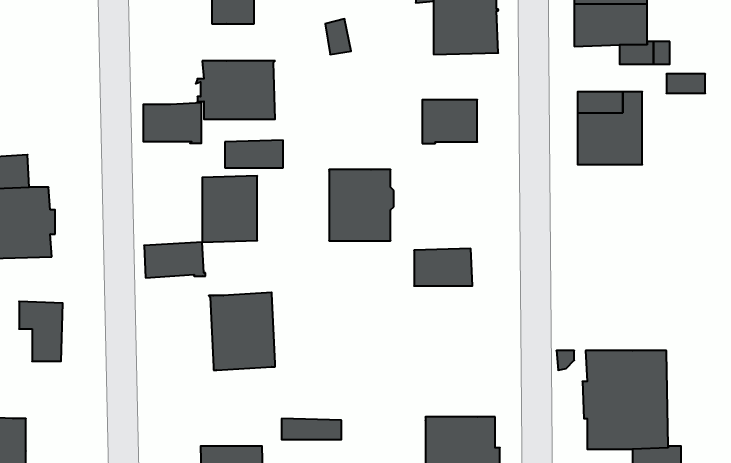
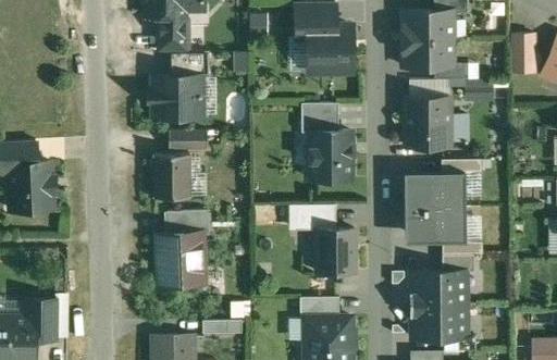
building: none -> [409,82,449,99]
building: [143,103,201,143] -> [170,52,209,79]
building: [329,170,394,241] -> [310,133,354,181]
building: none -> [416,173,478,240]
building: [144,242,205,278] -> [166,212,208,236]
building: none -> [315,228,354,274]
building: [19,301,63,361] -> [26,300,55,340]
building: none -> [442,256,474,274]
building: none -> [299,297,338,320]

